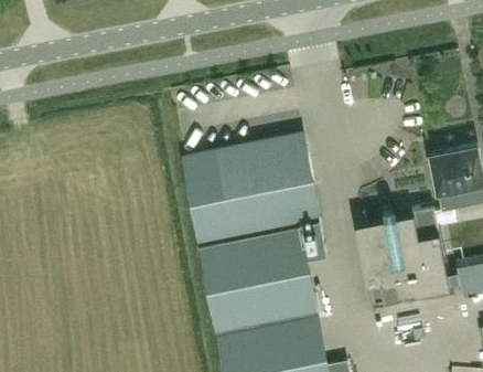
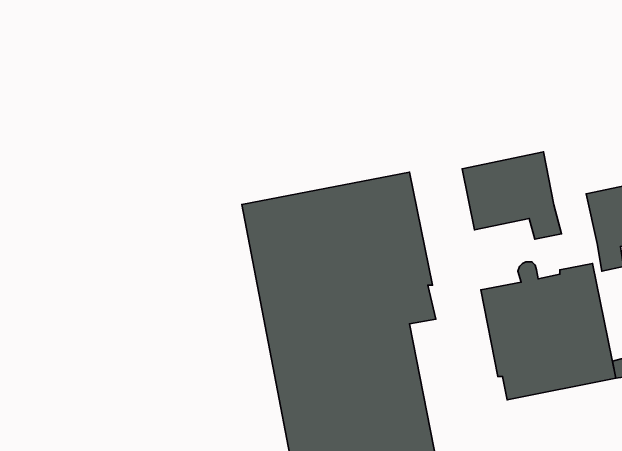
building: none -> [462,152,561,239]

